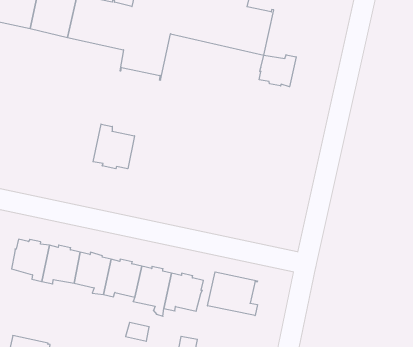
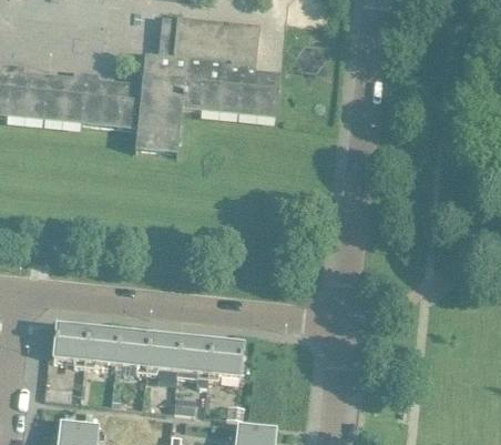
building: [259,55,296,87] -> none
building: [93,124,134,169] -> none
building: [208,272,257,316] -> none

